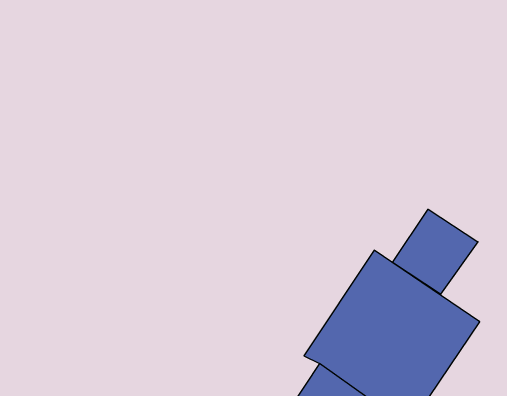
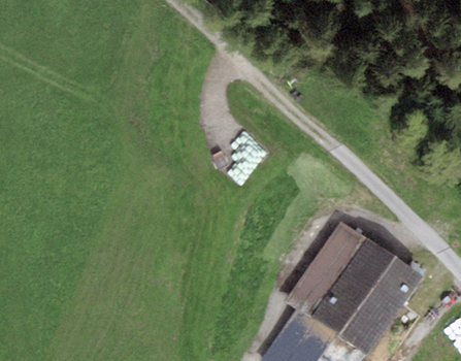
building: [392,209,478,294] -> none

